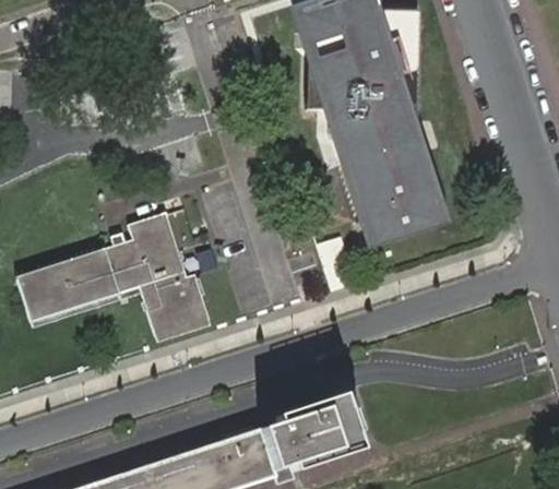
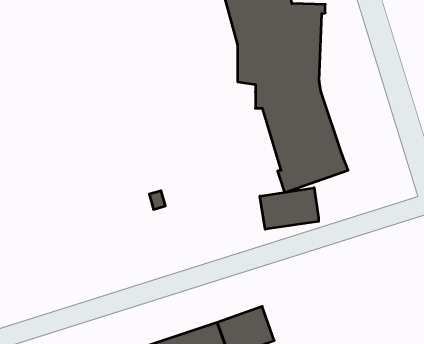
building: [12,216,205,338] -> none
building: none -> [260,188,319,229]

